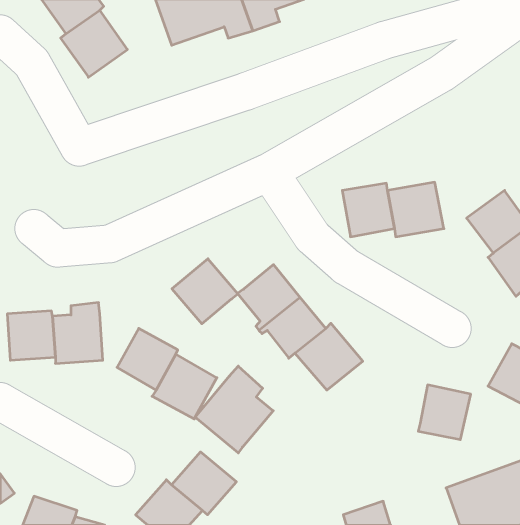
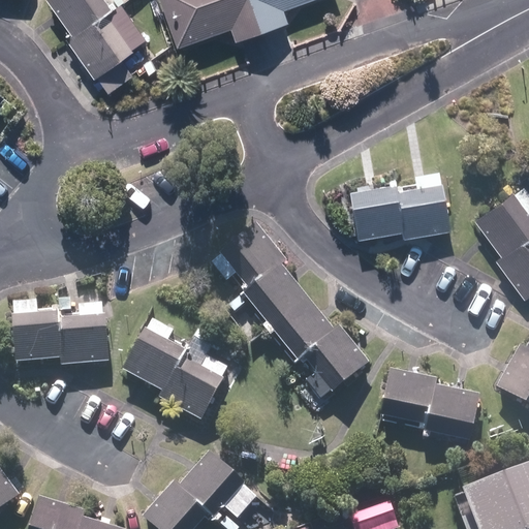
building: [172,259,238,324] -> [220,225,286,290]
building: [195,366,273,453] -> none
building: none -> [380,369,437,425]

